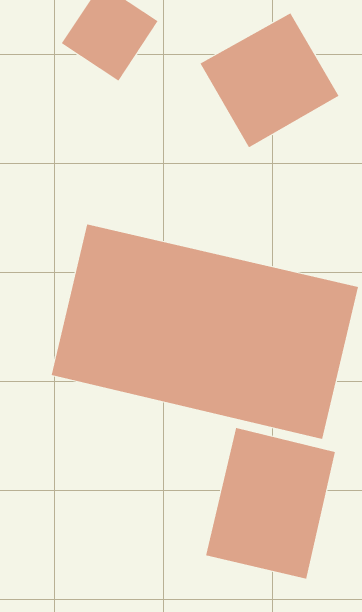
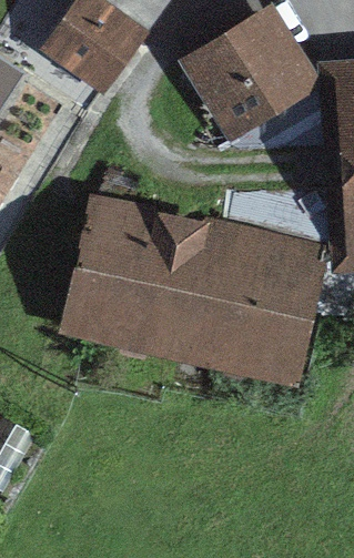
building: [205,427,336,579] -> none

